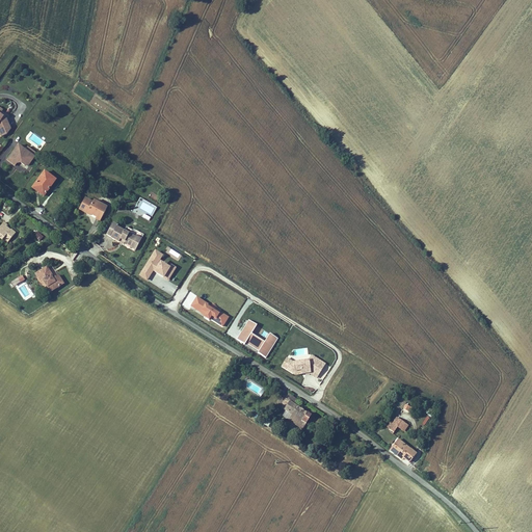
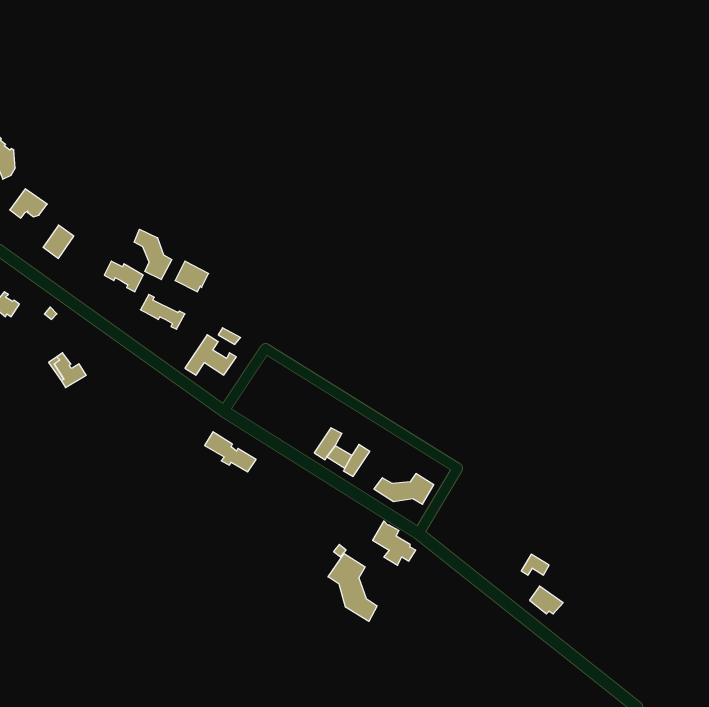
building: none -> [134,229,172,280]
building: [189,296,228,326] -> [205,432,256,472]
building: none -> [328,554,377,621]

